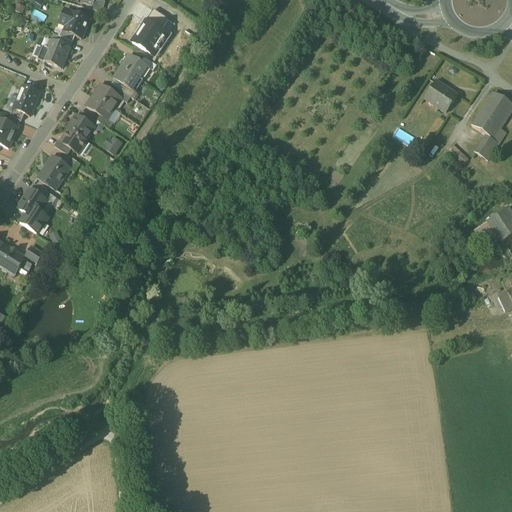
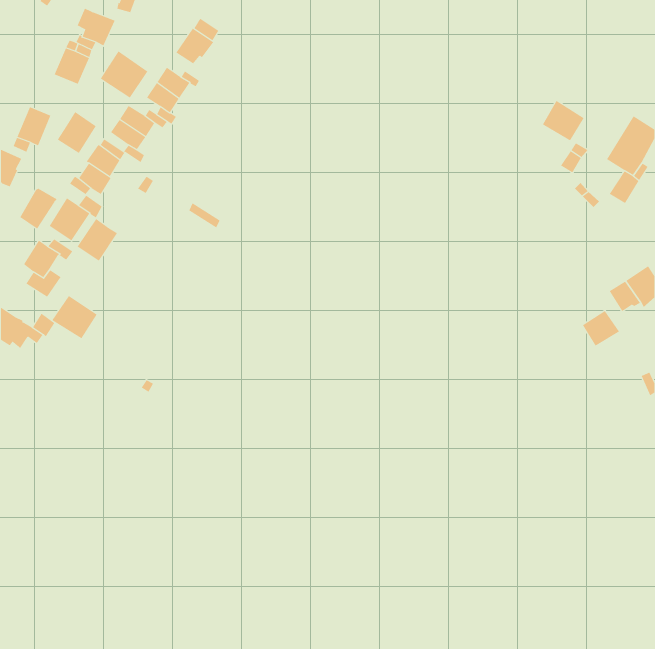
building: none -> [100,51,148,99]
building: none -> [57,111,97,154]
building: none -> [20,188,57,229]
building: none -> [77,218,118,261]
building: none -> [52,295,98,339]
building: none -> [582,310,620,347]

